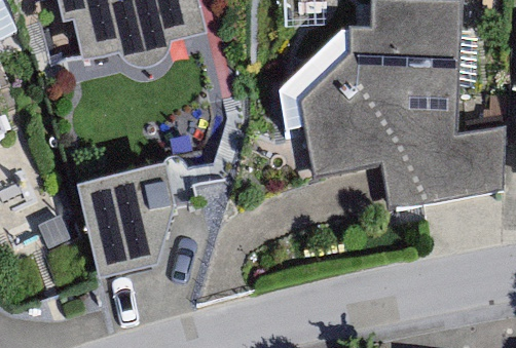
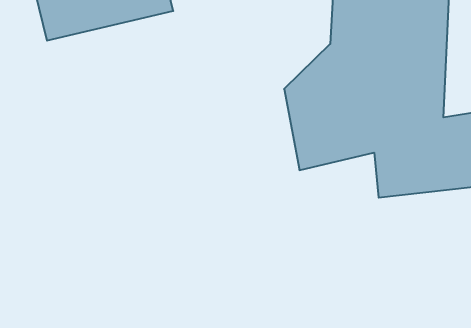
building: [67,169,170,281] -> none

